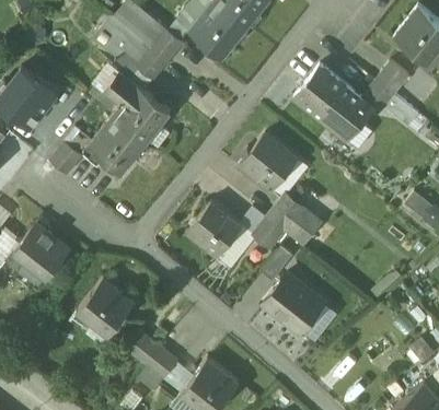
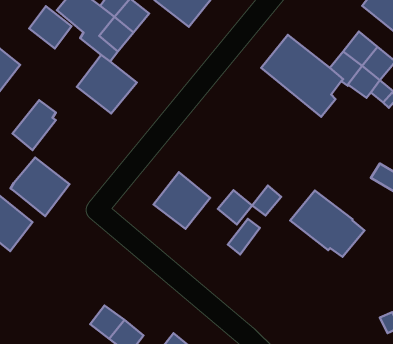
building: [95,65,137,106] -> [29,6,71,48]
building: [89,116,147,174] -> [11,157,69,216]
building: [241,132,310,192] -> none
building: [267,199,301,233] -> none
building: [263,274,336,340] -> [290,190,365,257]
building: [77,277,136,336] -> none

